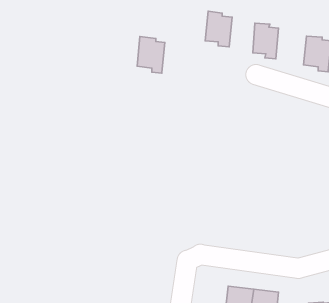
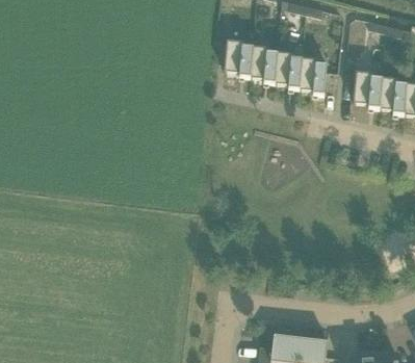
building: none -> [276,53,303,90]
building: [137,36,165,73] -> [225,41,254,79]

